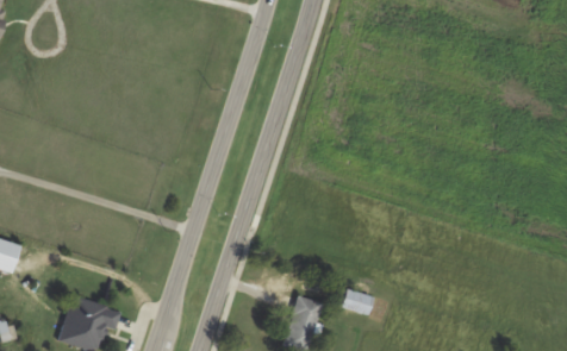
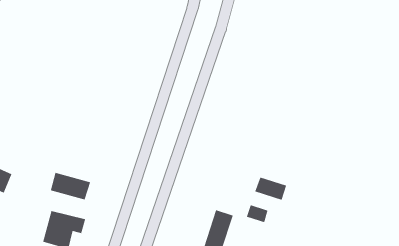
building: none -> [50,172,91,200]
building: none -> [254,177,287,201]

